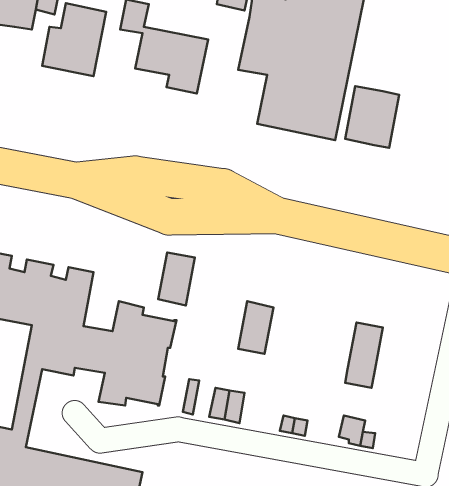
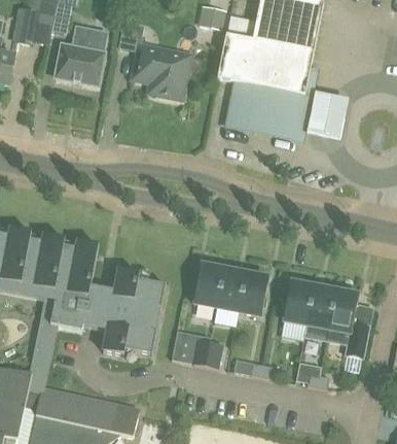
building: [158,253,195,305] -> [193,264,223,307]
building: none -> [238,273,267,315]
building: none -> [283,281,313,323]
building: none -> [325,289,369,357]

